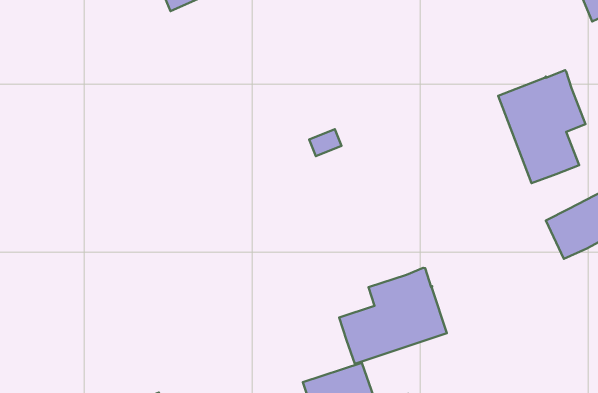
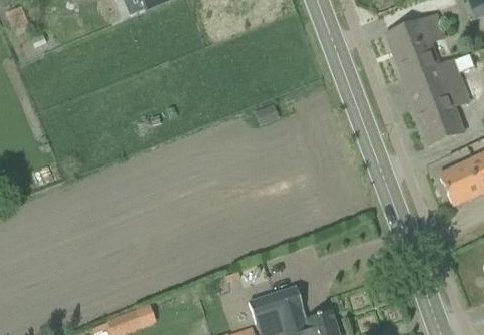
building: none -> [385,13,445,76]
building: [339,268,447,364] -> none

